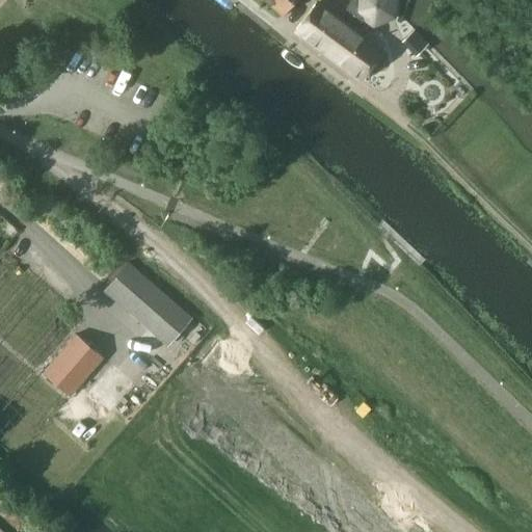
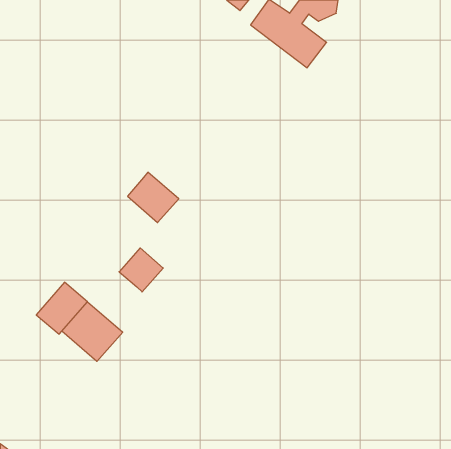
building: [105,263,165,322] -> [128,172,179,223]
building: none -> [62,302,123,361]

